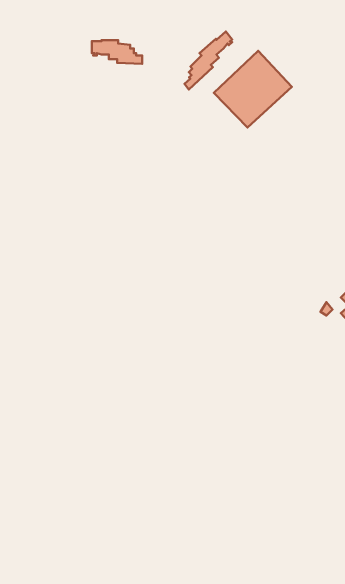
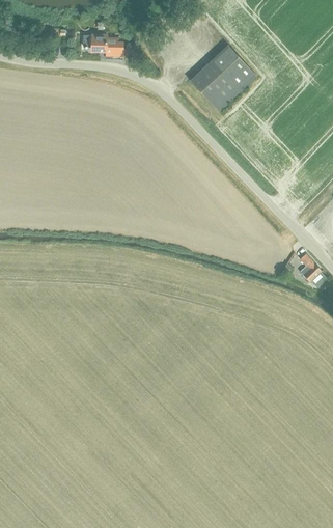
building: [185,32,232,89] -> none

